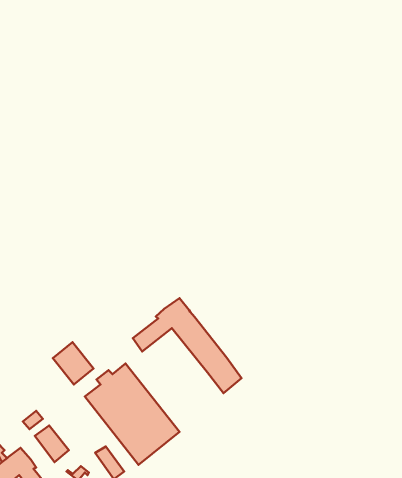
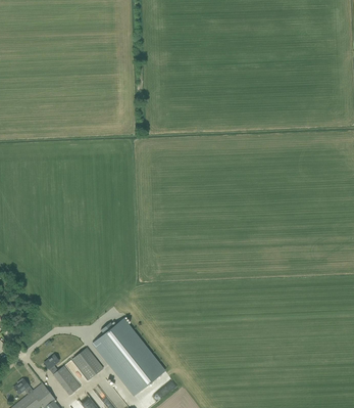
building: [133,298,242,393] -> none
building: [53,342,94,384] -> [71,348,103,380]

